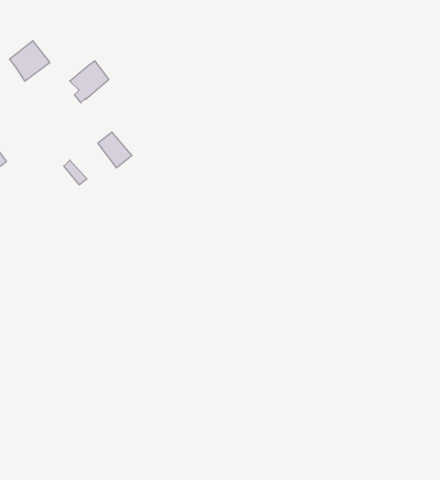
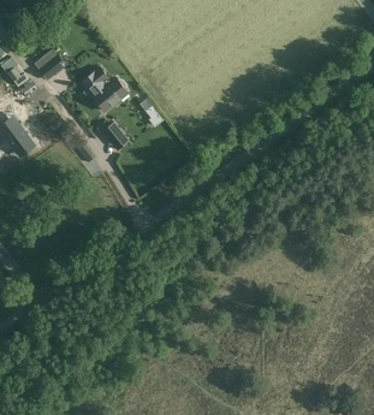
building: none -> [93,76,127,109]

